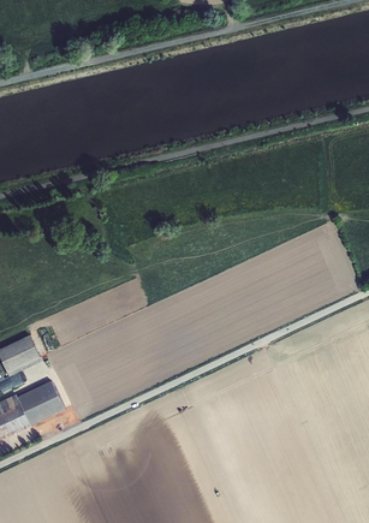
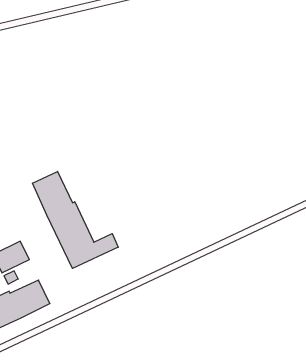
building: none -> [33,171,118,268]

